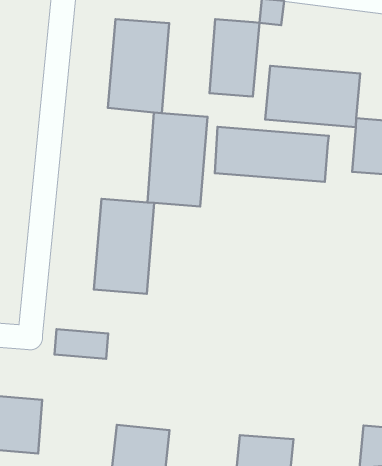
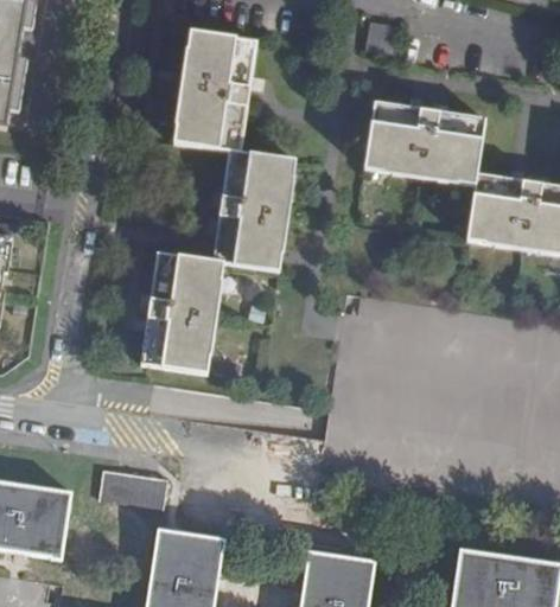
building: [209,19,260,97] -> none
building: [215,127,329,182] -> none
building: [54,329,108,359] -> [100,469,167,510]

